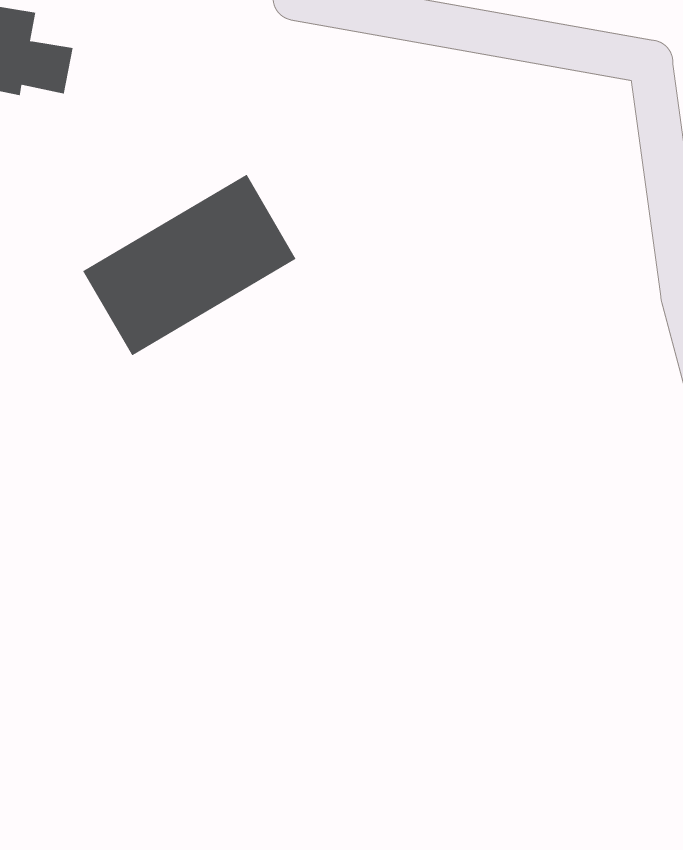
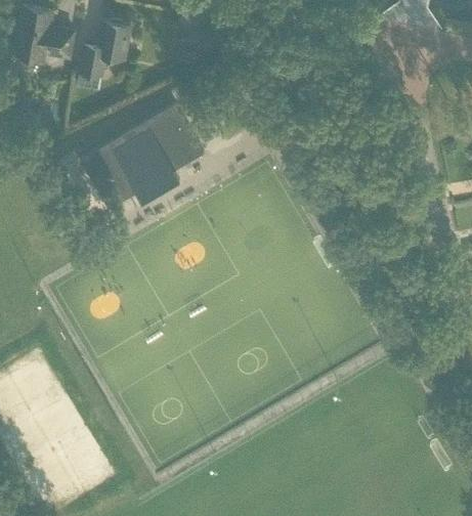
building: none -> [83,19,135,77]

